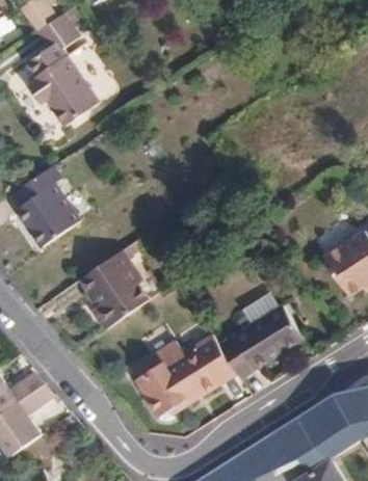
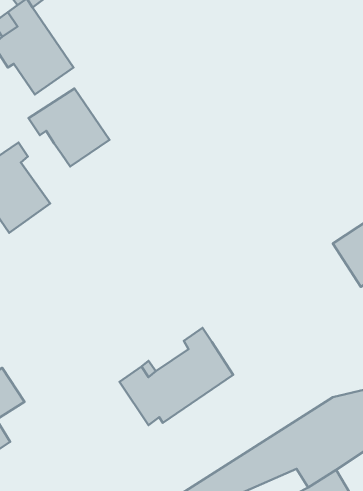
building: none -> [29,88,109,167]
building: [79,252,147,327] -> none
building: [219,303,305,377] -> none

